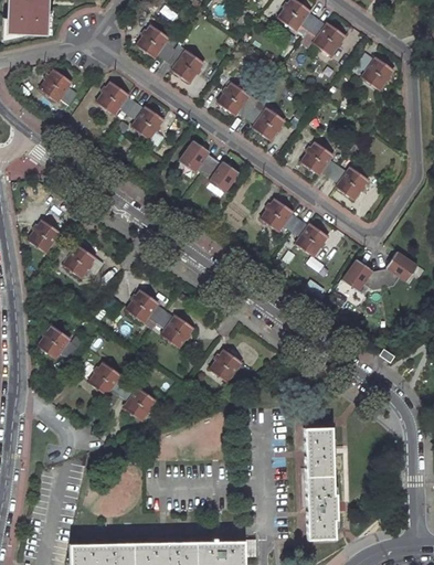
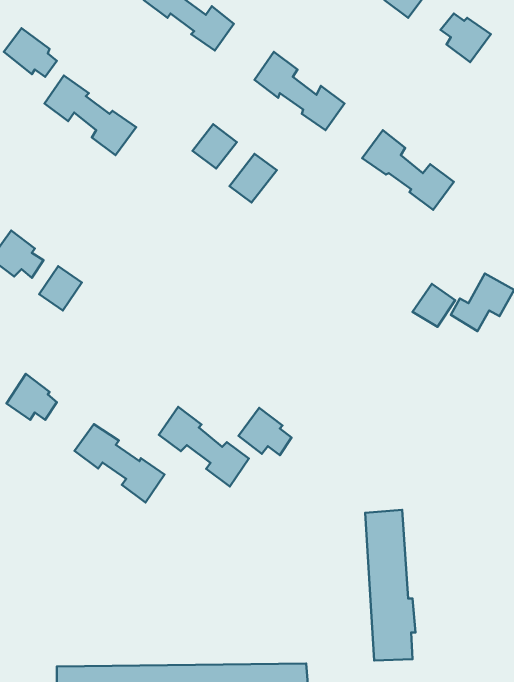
building: [97,81,166,140] -> [45,75,136,155]
building: [261,198,329,257] -> none
building: [124,289,191,349] -> [159,407,249,487]

